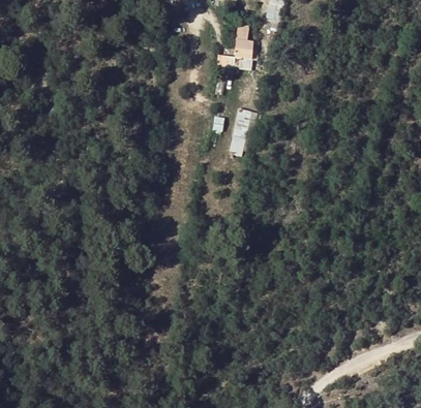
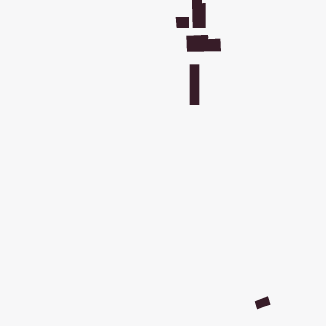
building: none -> [186,34,221,53]

